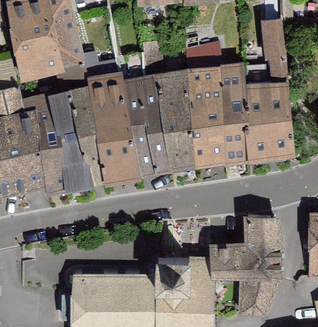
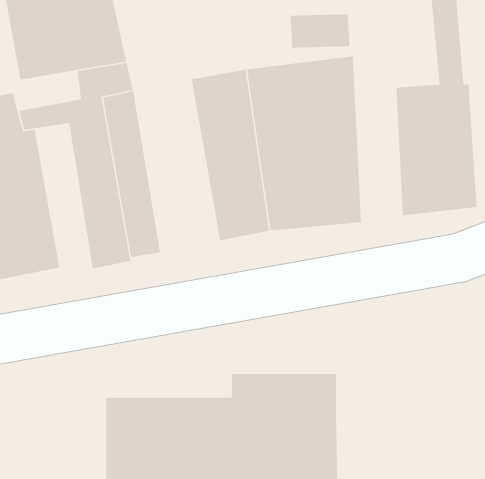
building: [221,64,250,166] -> none
building: [88,71,141,184] -> none
building: [31,107,65,197] -> none
building: [211,216,284,315] -> none

